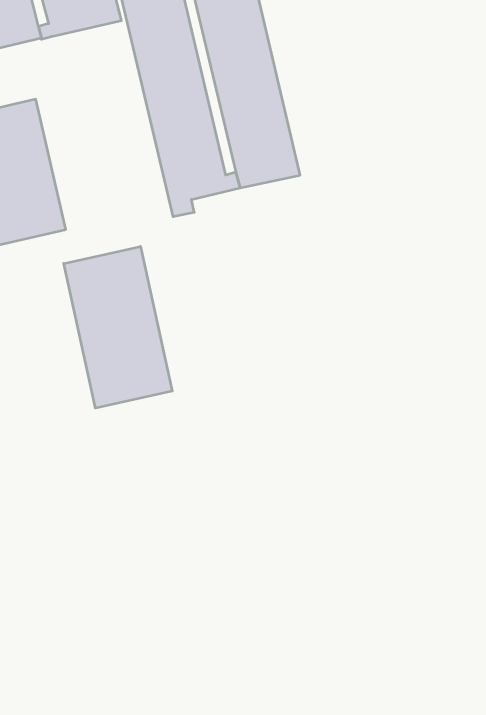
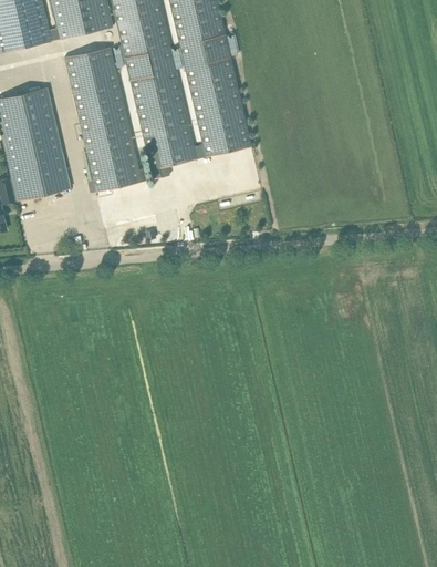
building: none -> [67,45,146,192]
building: [64,246,172,408] -> none

